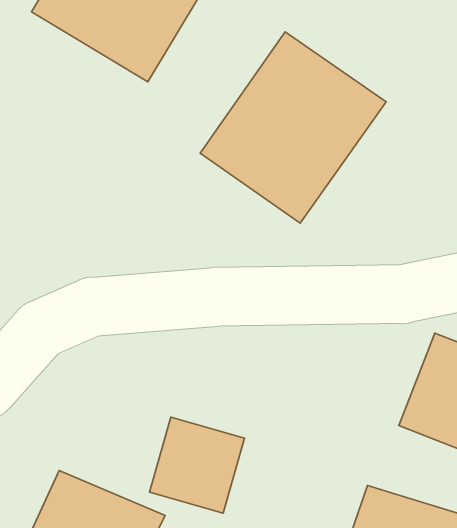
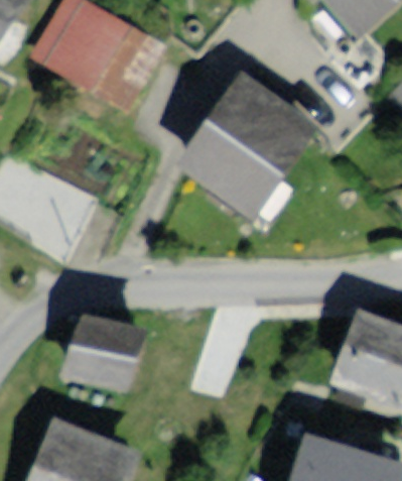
building: [150,417,245,513] -> [61,318,138,395]

